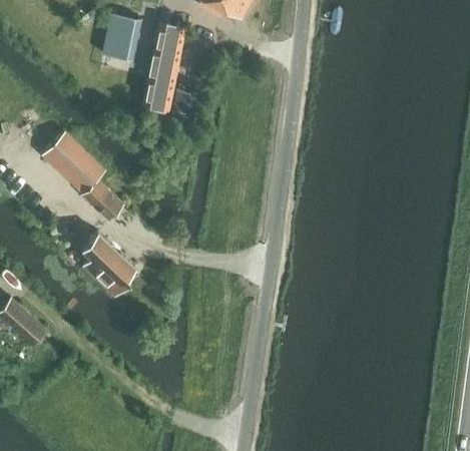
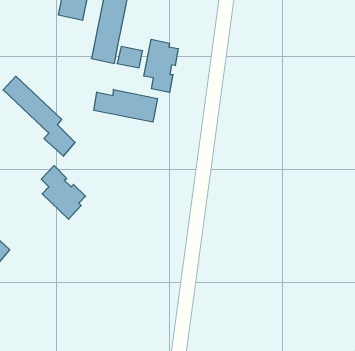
building: none -> [144,39,178,93]
building: none -> [94,89,157,122]

